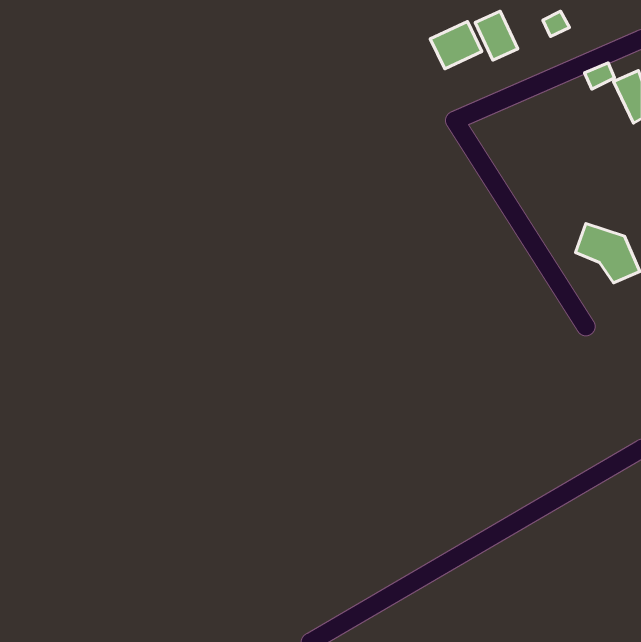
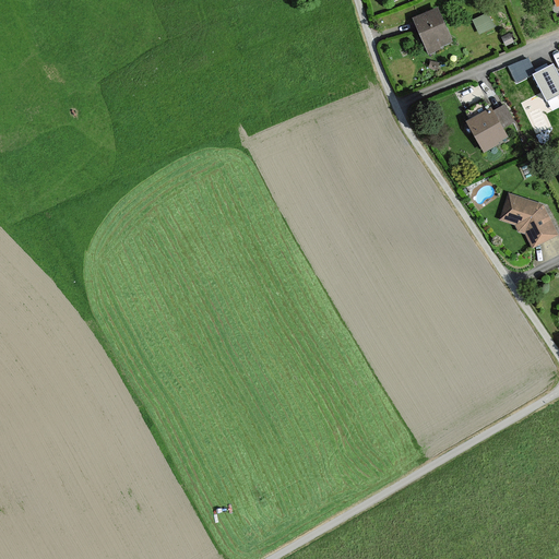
building: [430,21,482,69] -> none
building: none -> [466,105,514,152]

